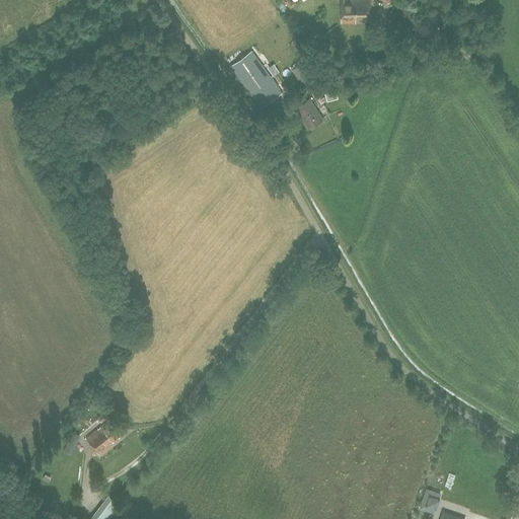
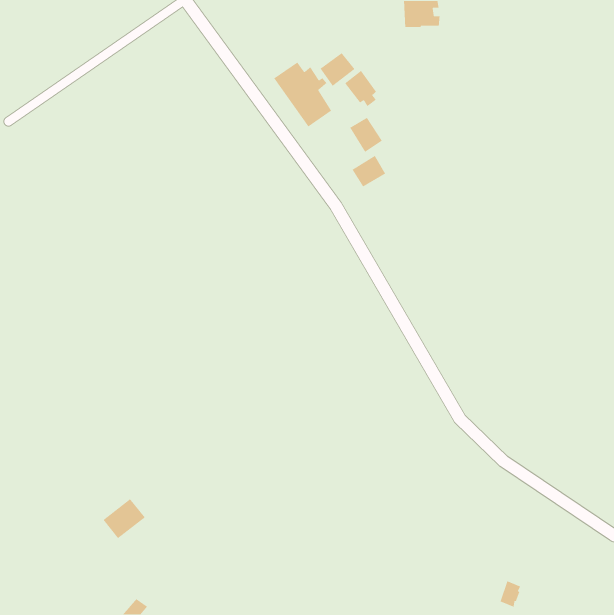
building: none -> [319,52,356,87]
building: none -> [351,155,386,188]

